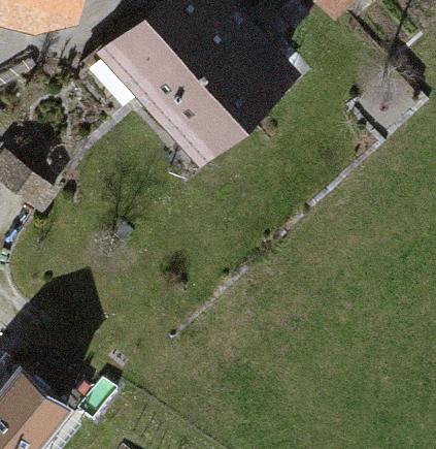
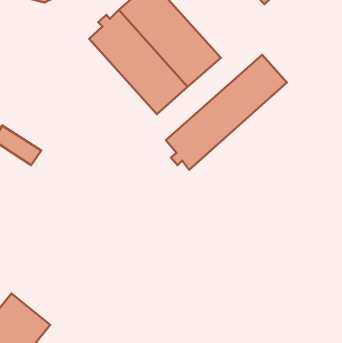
building: none -> [166,55,287,170]

